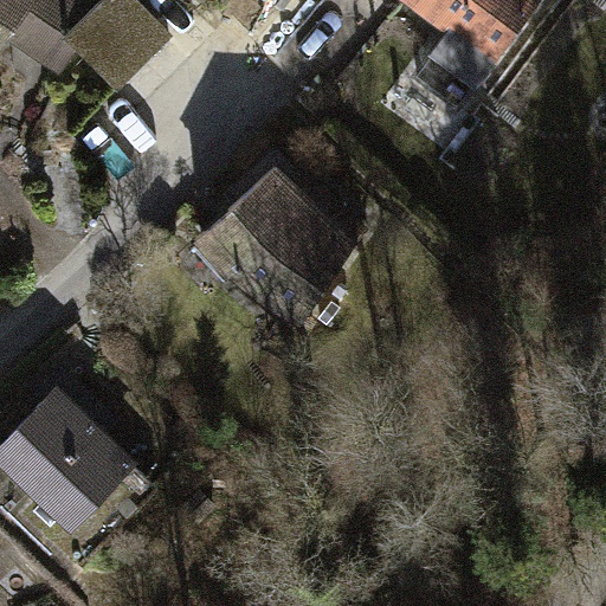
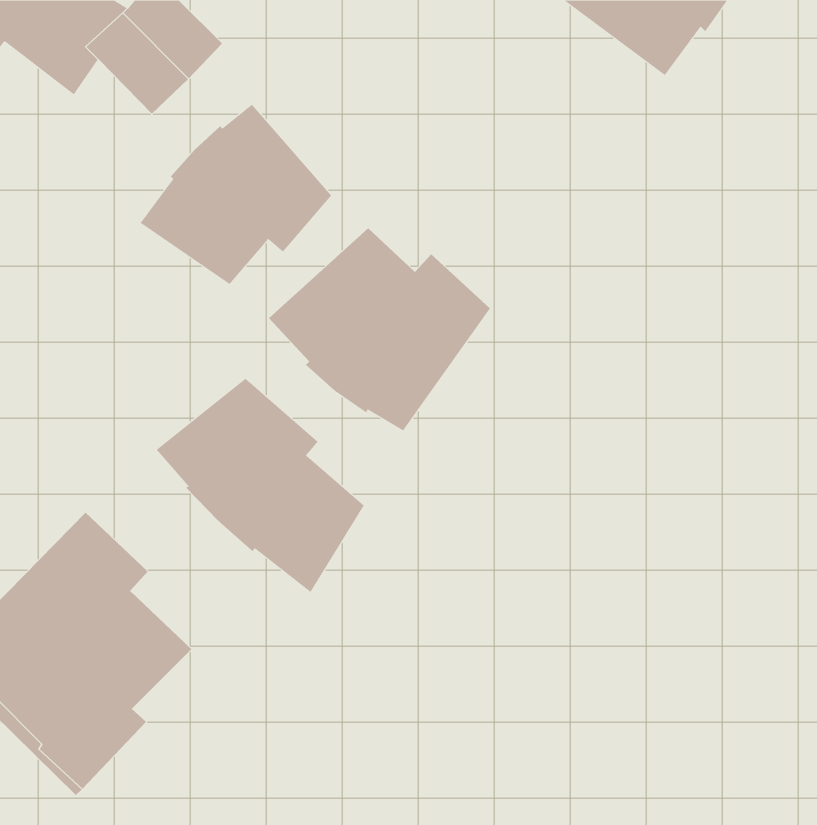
building: none -> [140,104,332,285]
building: none -> [156,378,365,593]

